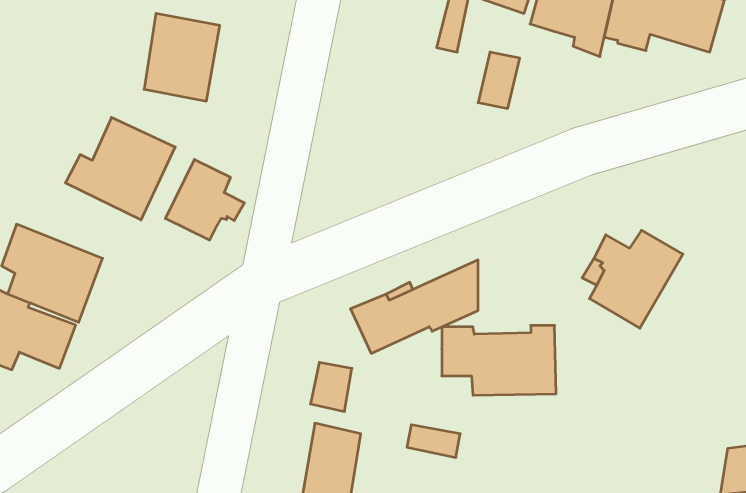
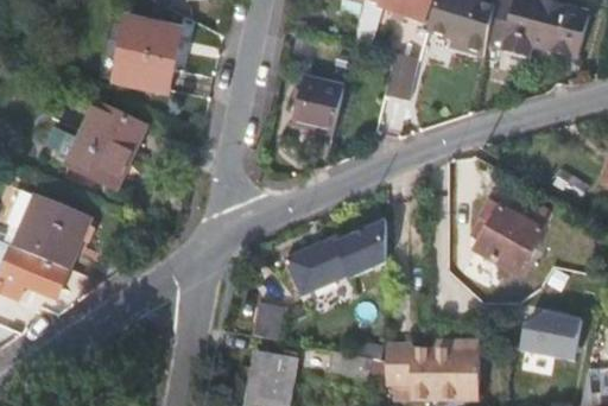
building: none -> [292,76,346,135]
building: [165,159,244,240] -> none
building: [442,325,556,395] -> [388,342,480,398]
building: none -> [519,311,582,359]

